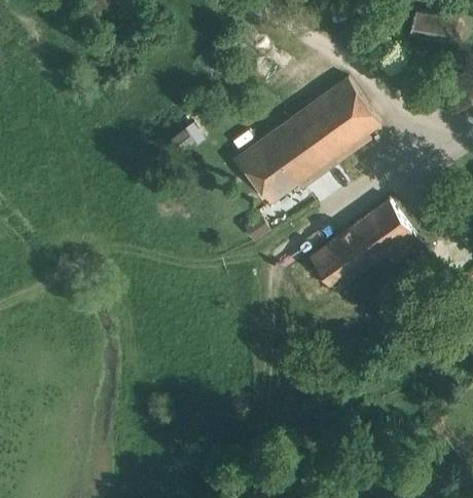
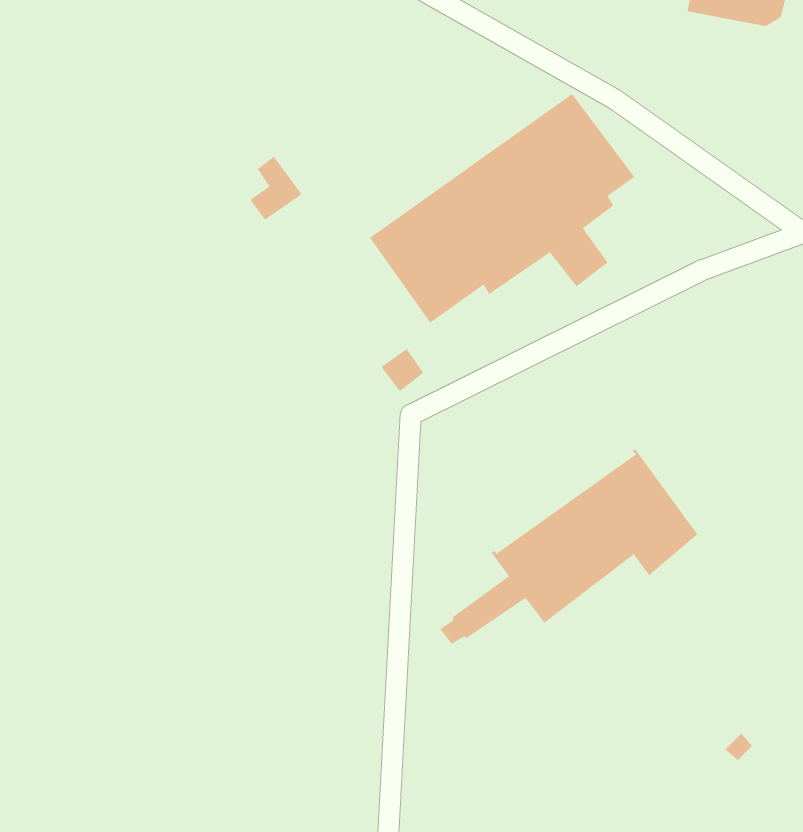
building: [281,198,421,304] -> [440,449,698,645]

